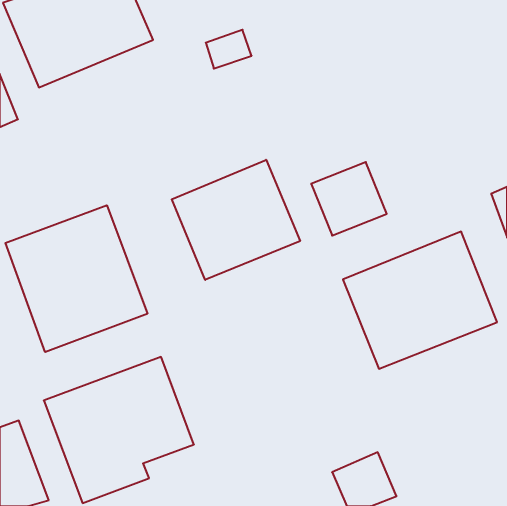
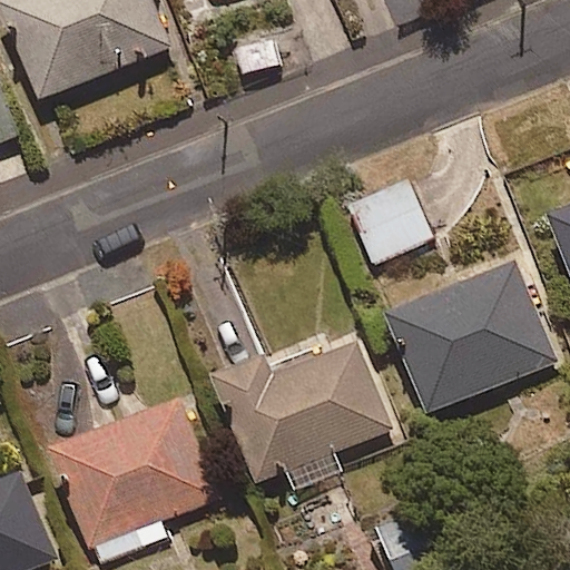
building: [172,160,300,280] -> none
building: [5,205,147,352] -> none
building: none -> [212,338,393,489]

